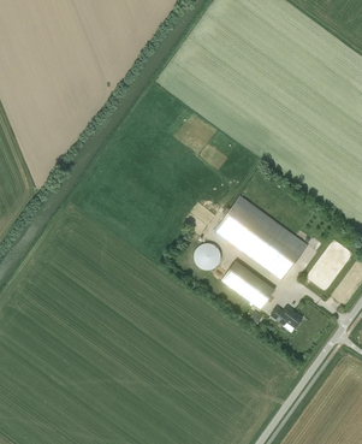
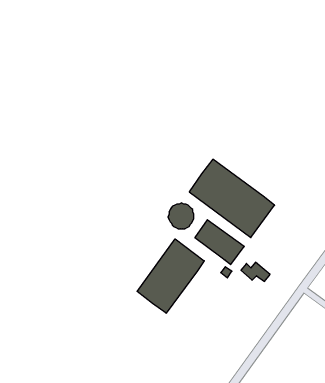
building: none -> [137,239,204,313]

